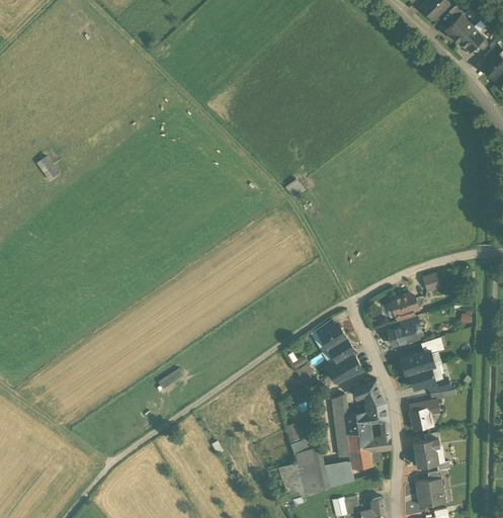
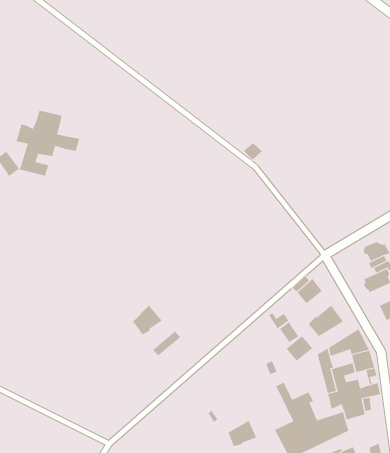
building: none -> [16,110,80,176]
building: none -> [132,305,162,335]
building: [327,337,354,362] -> [286,335,313,361]
building: none -> [228,420,257,447]

